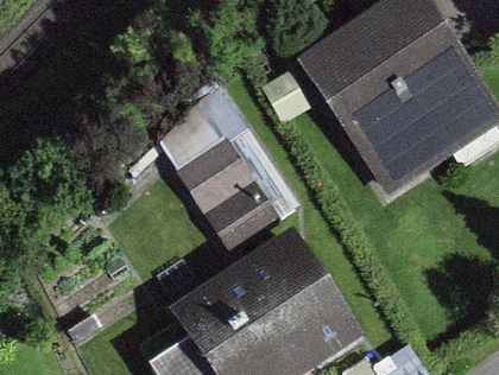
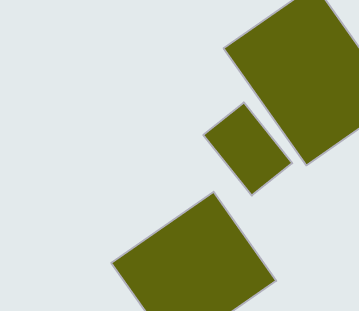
building: [185,131,290,240] -> [203,102,292,196]

